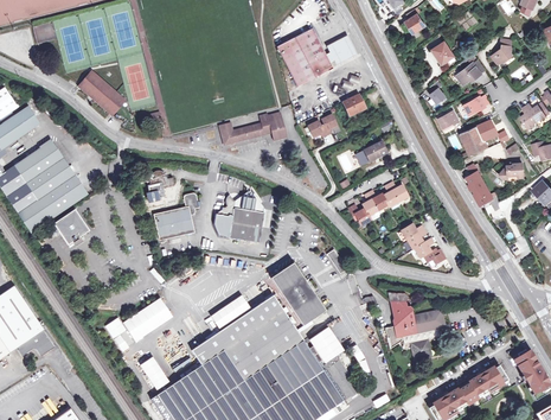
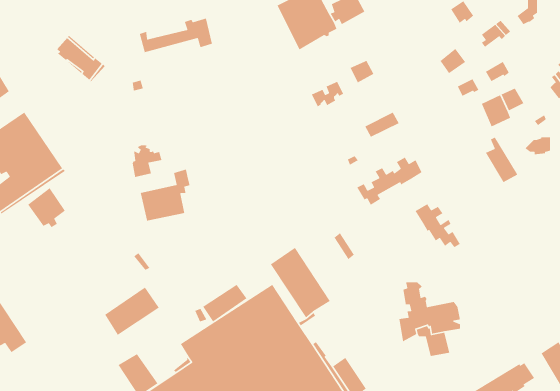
building: [219,113,286,145] -> [139,17,213,53]
building: [218,191,267,242] -> none
building: [309,327,344,363] -> none

